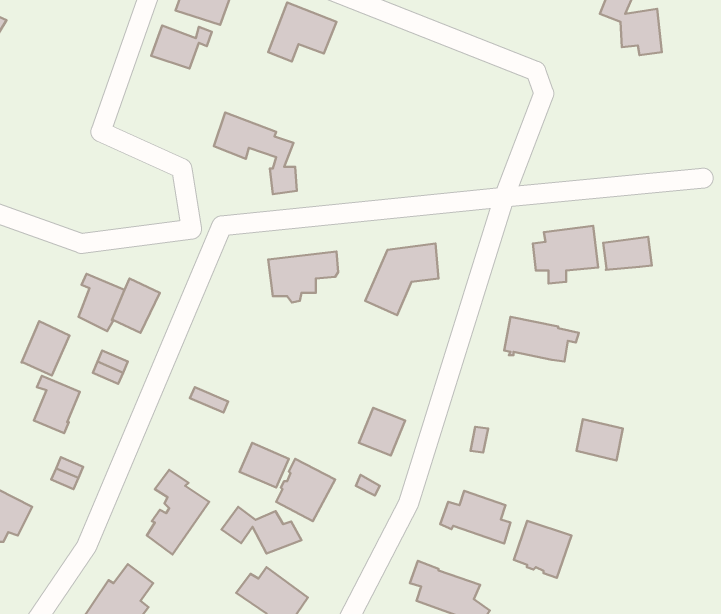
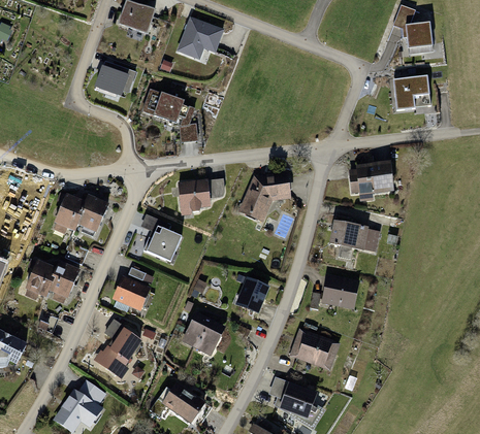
building: [151,25,212,68] -> [95,67,134,95]
building: none -> [392,75,429,110]
building: [603,237,652,270] -> none
building: none -> [142,220,181,262]
building: [22,321,69,375] -> [47,262,78,297]
building: [577,419,623,460] -> [324,277,354,304]
building: [239,443,289,488] -> [115,278,147,307]
building: [221,507,301,554] -> none
building: [514,521,572,578] -> none

